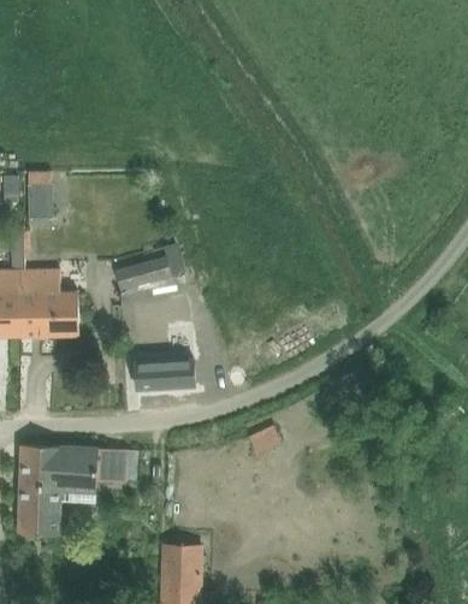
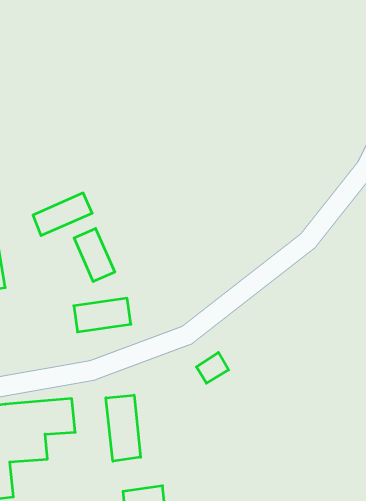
building: none -> [74,228,115,282]
building: none -> [106,395,141,461]

